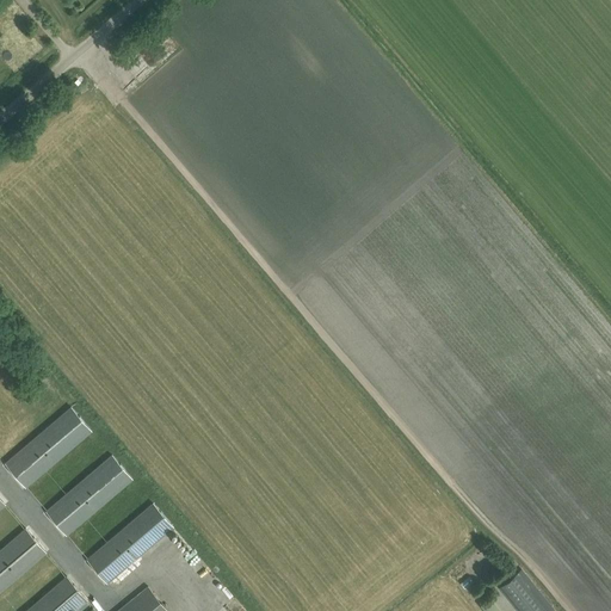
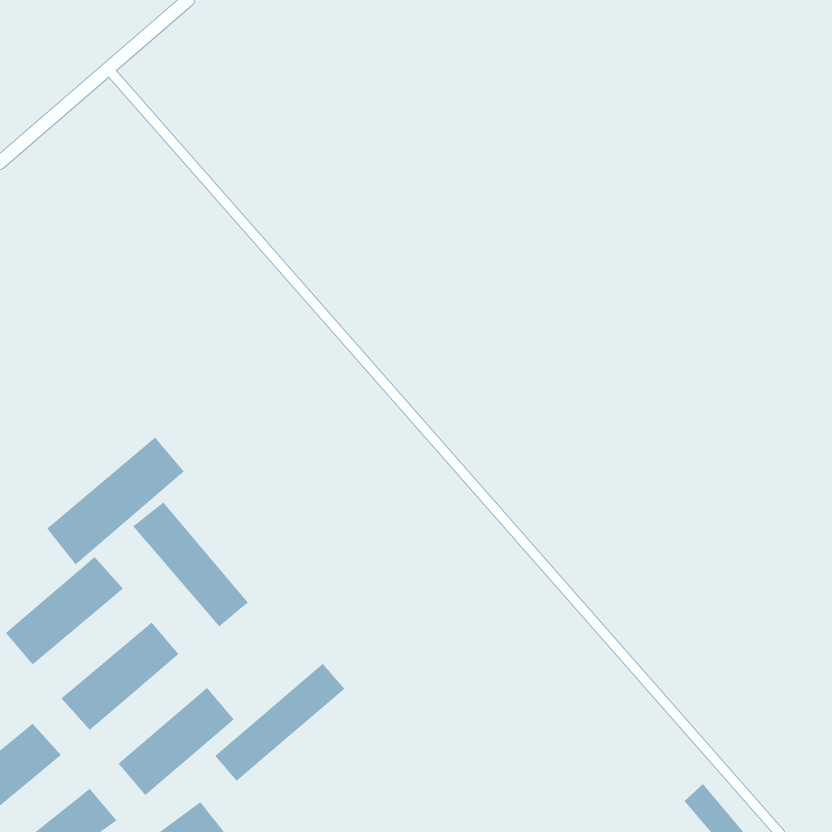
building: none -> [46,436,185,565]
building: none -> [132,501,249,628]
building: none -> [214,663,345,782]

